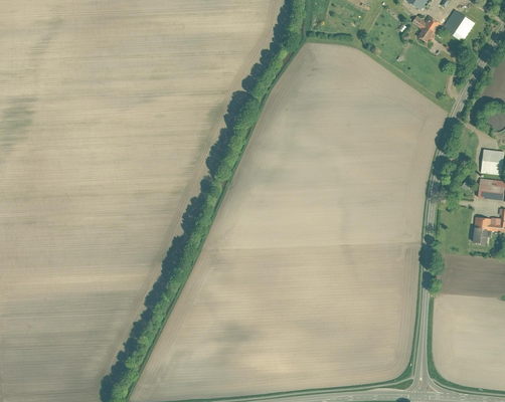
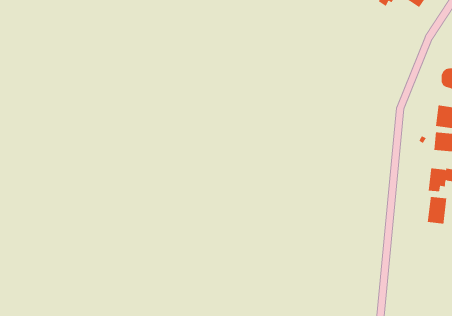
building: none -> [427,196,447,224]

